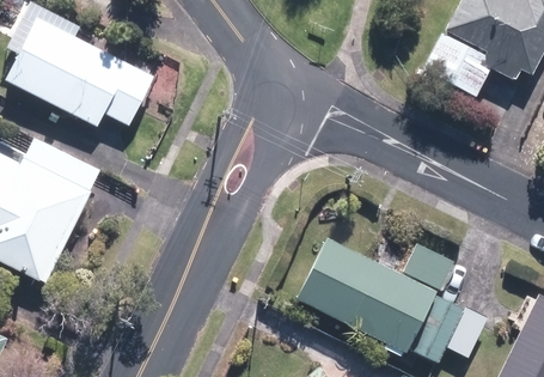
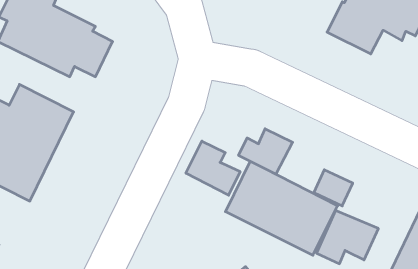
building: none -> [239,129,293,174]
building: none -> [186,141,240,195]

